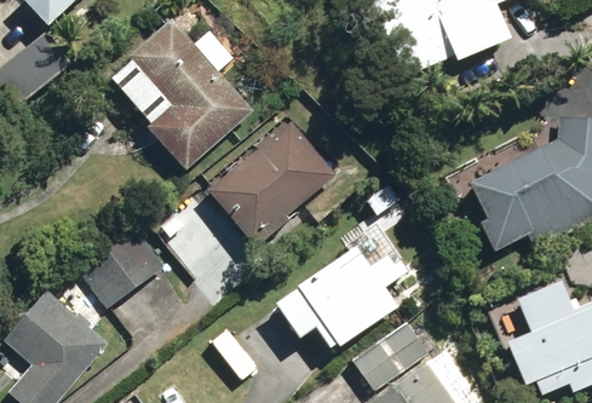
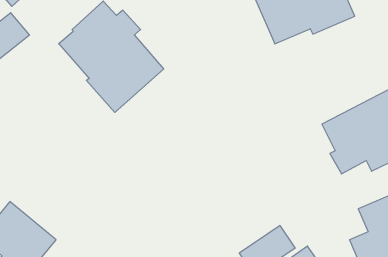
building: [208,122,335,242] -> none
building: [80,225,165,305] -> none
building: [272,246,409,350] -> none

